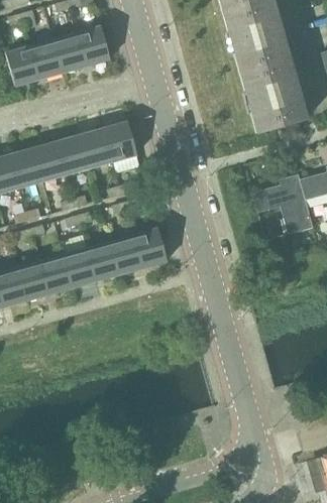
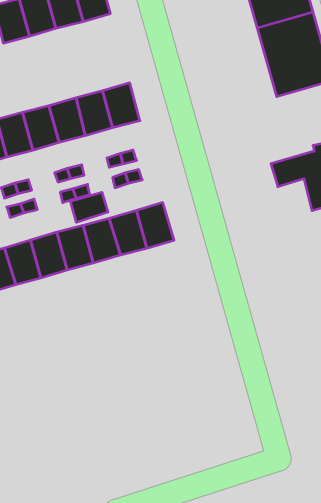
building: none -> [71,192,108,222]

